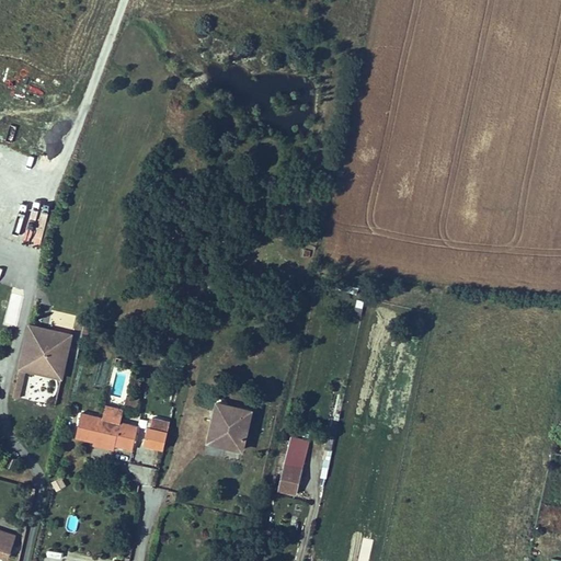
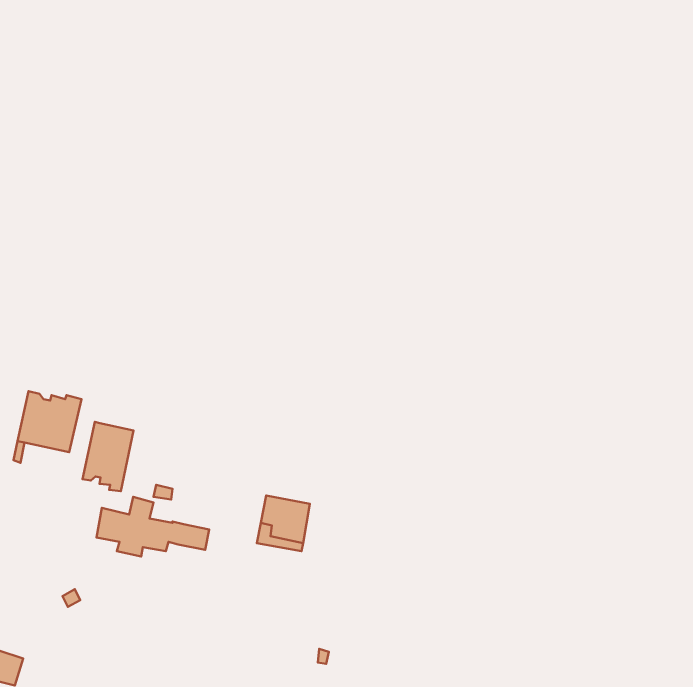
building: none -> [82,422,133,491]
building: [279,440,310,495] -> none

